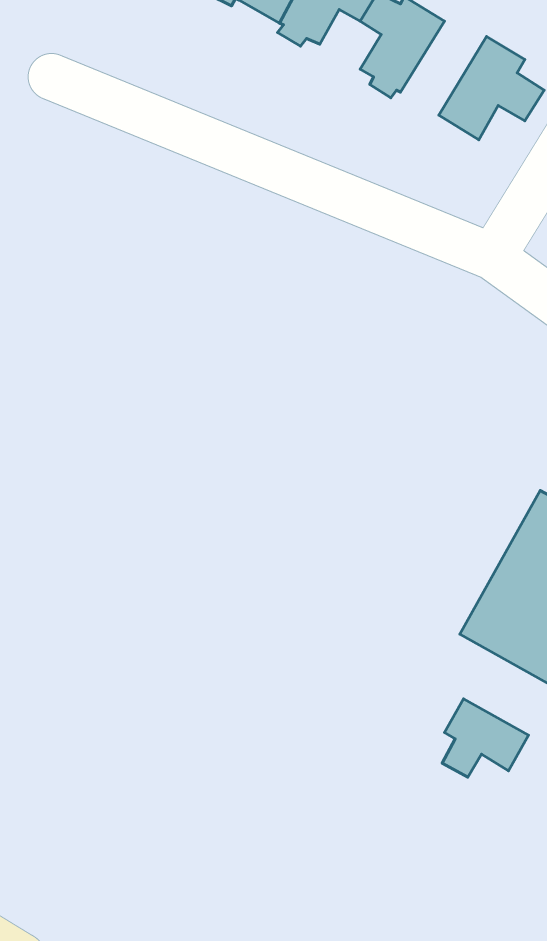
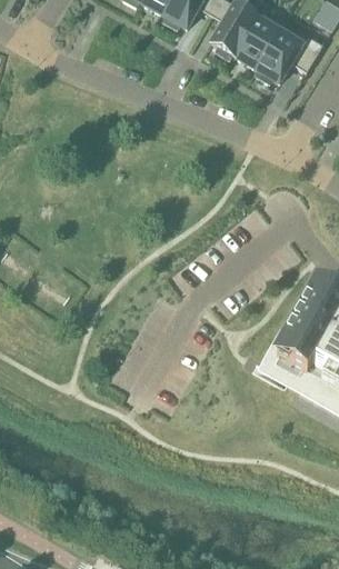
building: none -> [233,10,283,69]
building: [442,699,528,777] -> none

